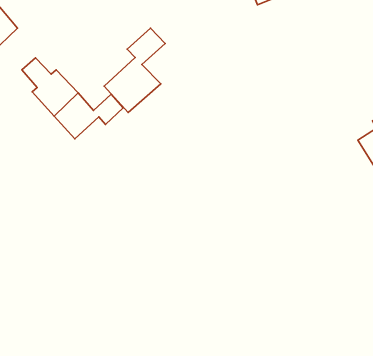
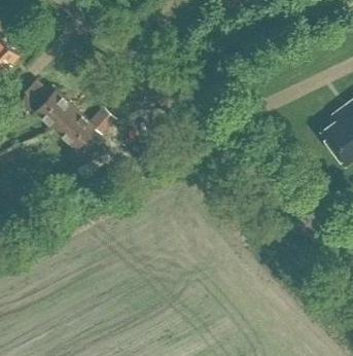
building: [104,28,165,113] -> none

